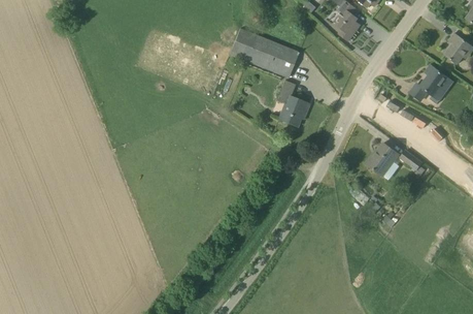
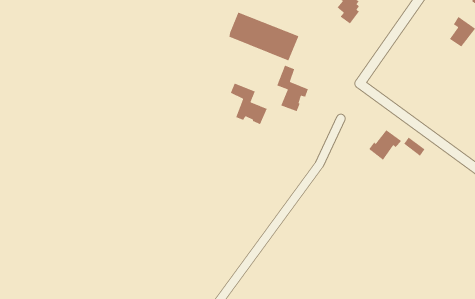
building: [409,64,446,100] -> none
building: none -> [230,83,268,125]

